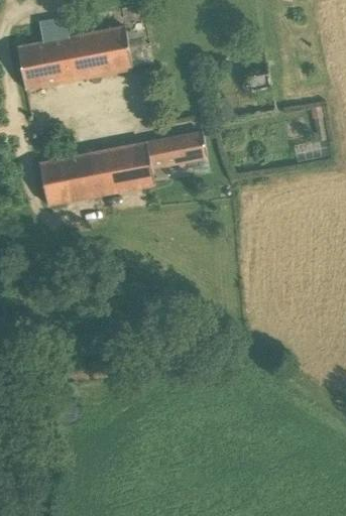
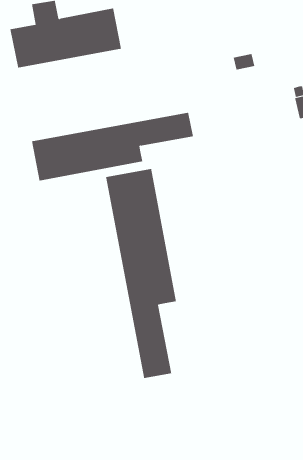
building: none -> [106,168,176,379]

